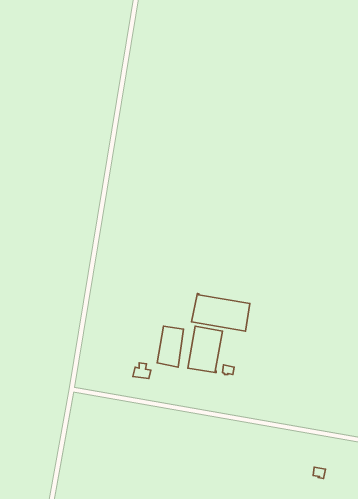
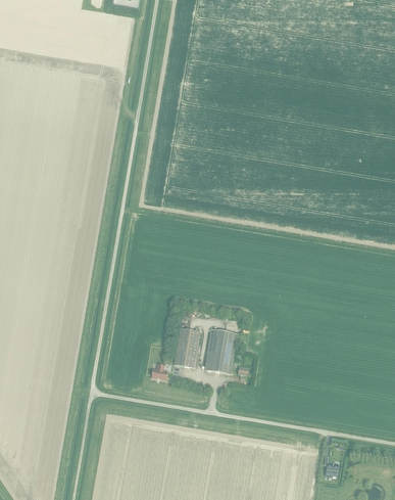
building: [192,293,250,331] -> none

